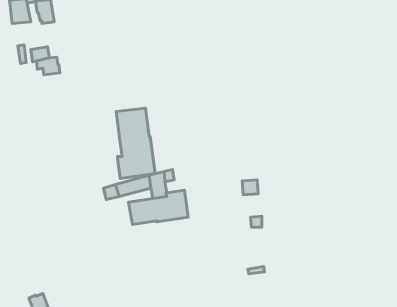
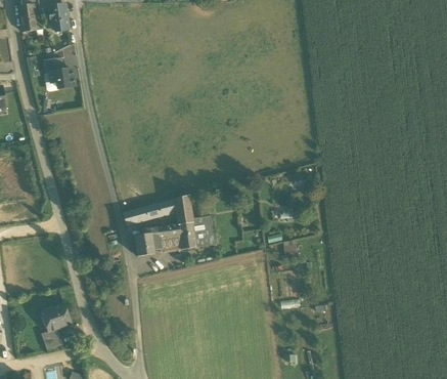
building: [116,108,155,179] -> none
building: none -> [133,227,153,255]
building: none -> [41,303,70,331]

